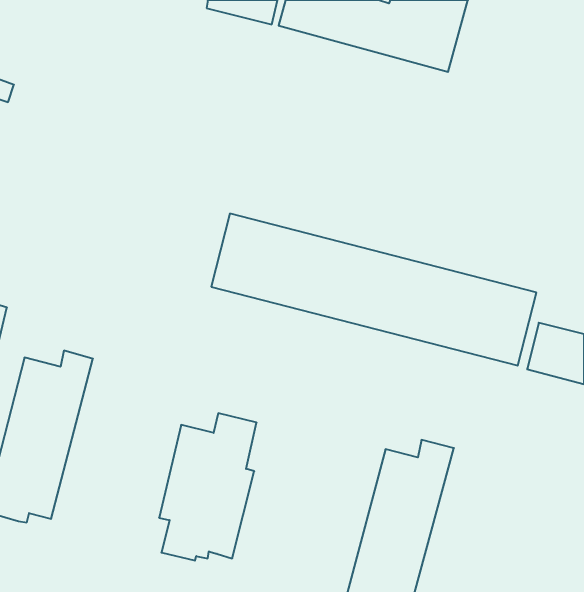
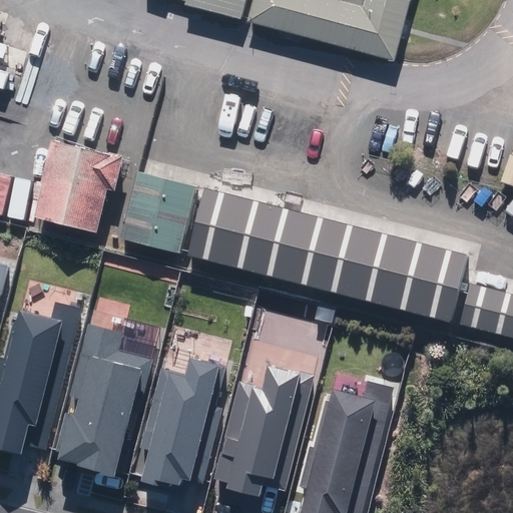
building: none -> [25,137,121,231]
building: none -> [117,166,192,248]
building: none -> [59,325,150,479]
building: none -> [211,364,312,495]

